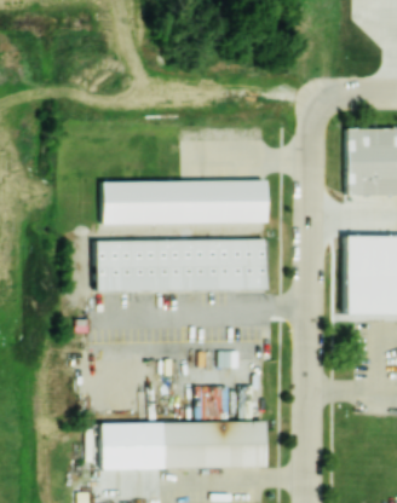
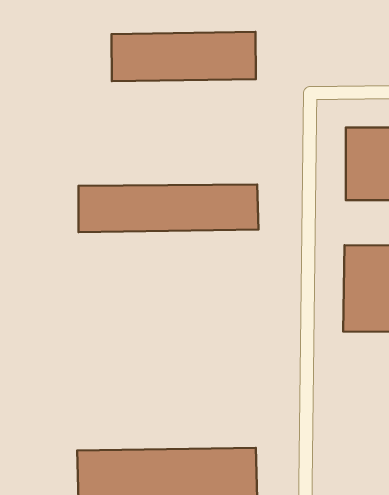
building: none -> [111,32,256,81]
building: [96,238,267,291] -> none

